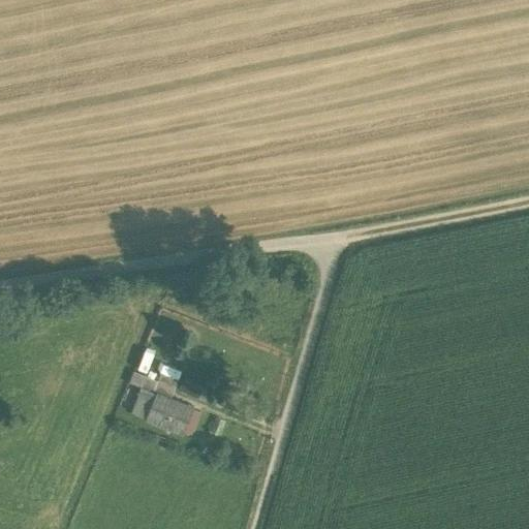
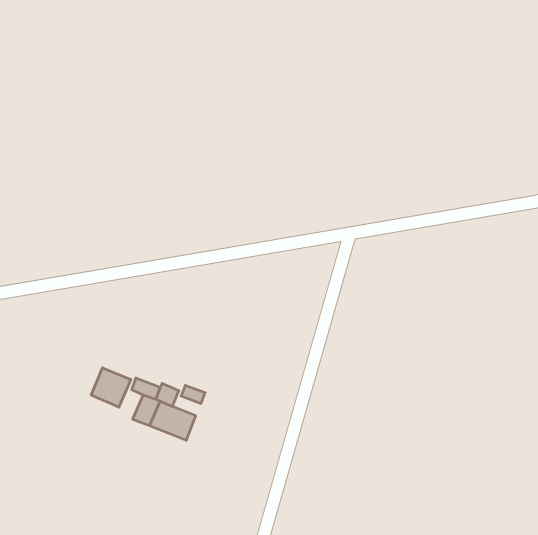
building: none -> [91,368,131,407]

